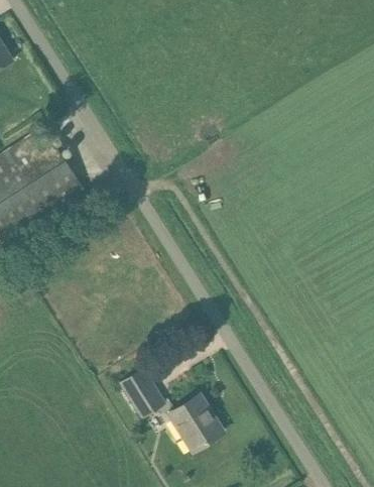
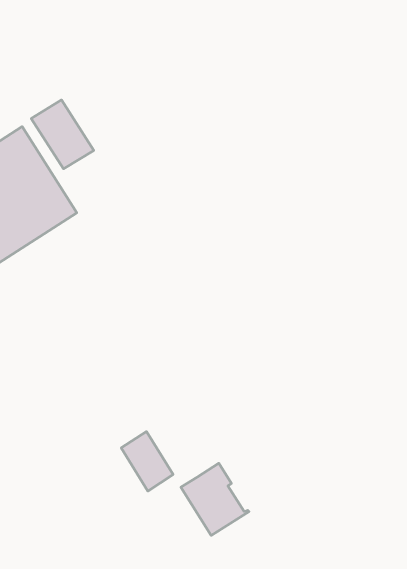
building: none -> [31,100,94,169]

